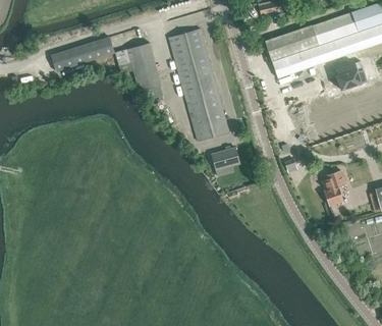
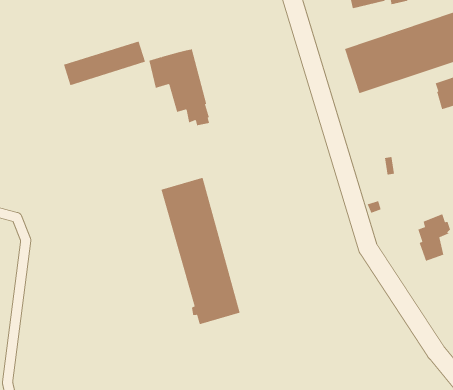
building: [167,28,228,141] -> [161,177,241,325]
building: [210,144,239,169] -> none

